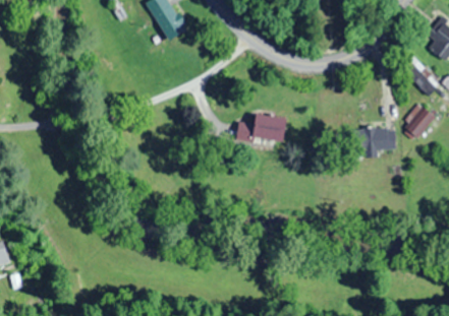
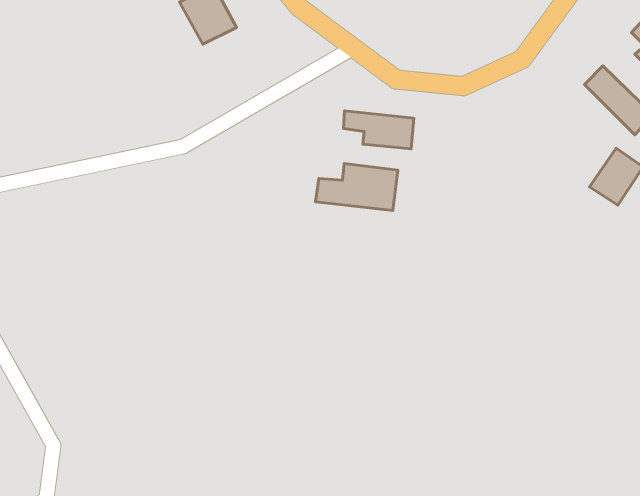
building: none -> [343,111,414,149]
building: [351,127,395,155] -> none

